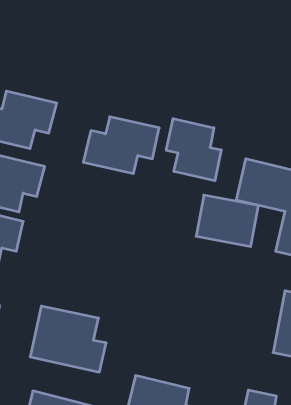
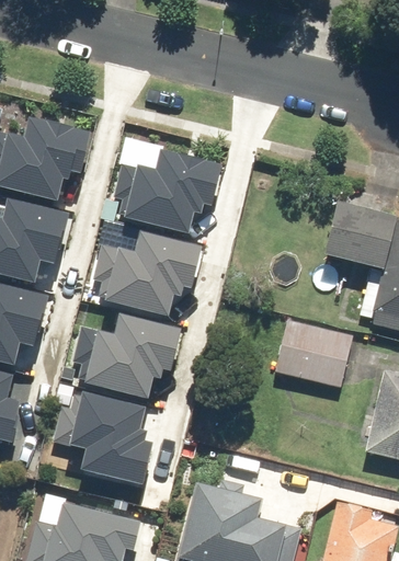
building: [166,119,221,181] -> none
building: none -> [102,233,200,307]
building: [196,195,258,247] -> [276,322,356,388]
building: none -> [81,318,179,391]

